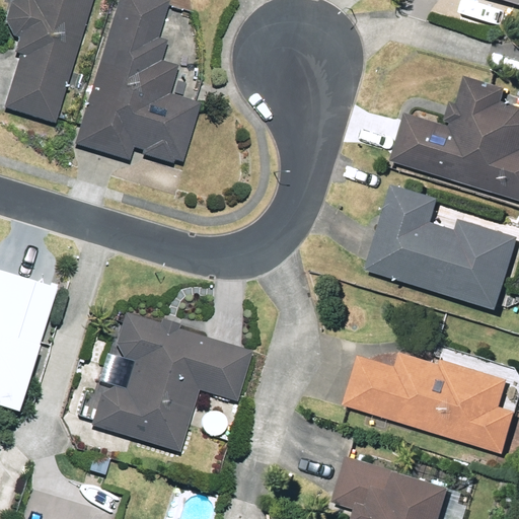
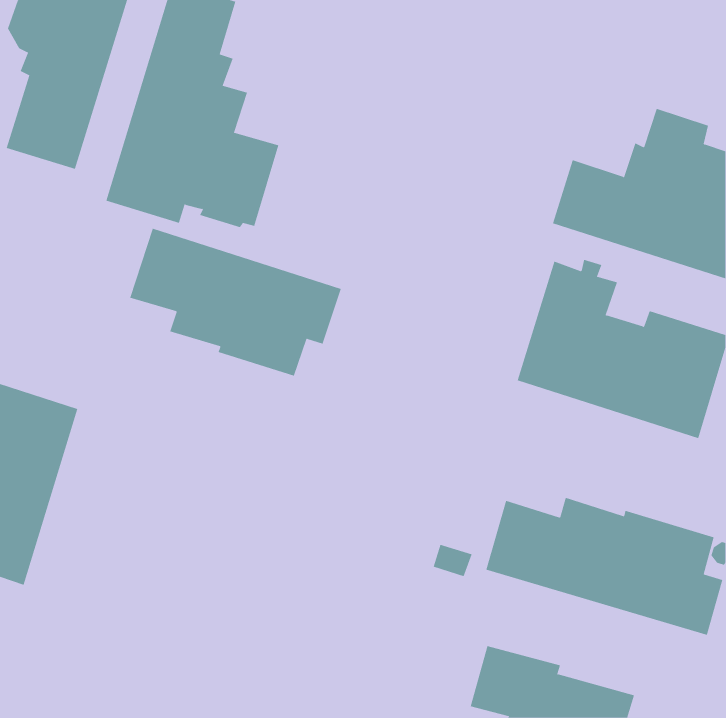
building: none -> [129,228,341,376]
building: [82,315,251,451] -> none

